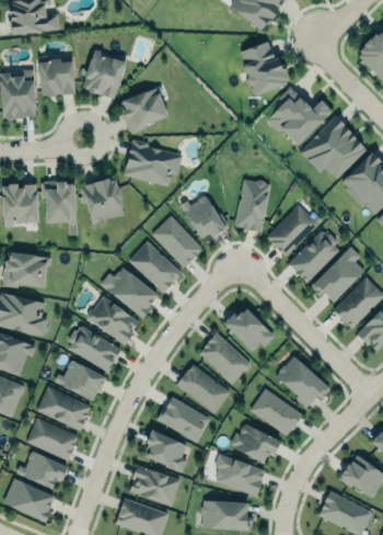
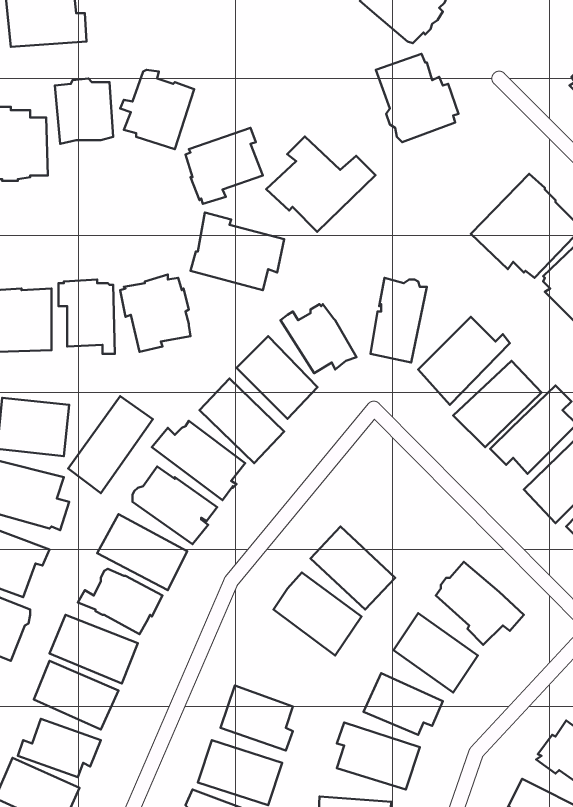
building: [265,86,333,145] -> [266,136,375,232]
building: none -> [68,396,153,493]
building: [225,306,275,353] -> none
building: [158,398,210,442] -> none

